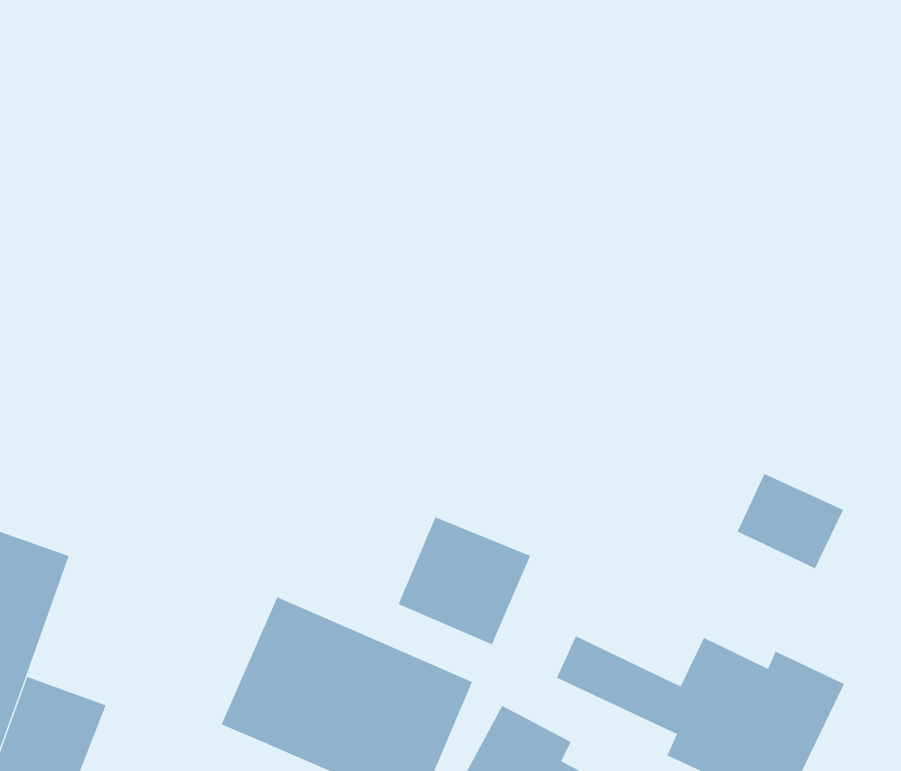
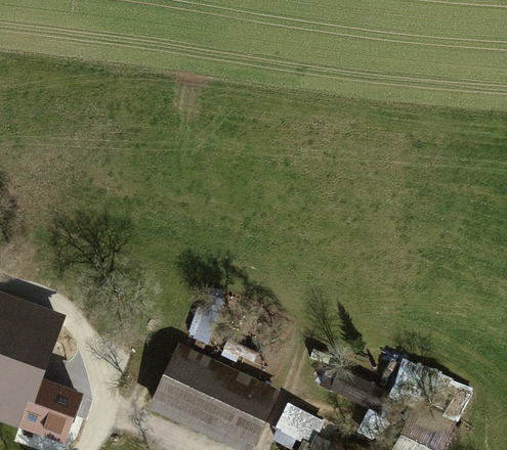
building: [737,473,844,569] -> none
building: [398,516,531,645] -> none

